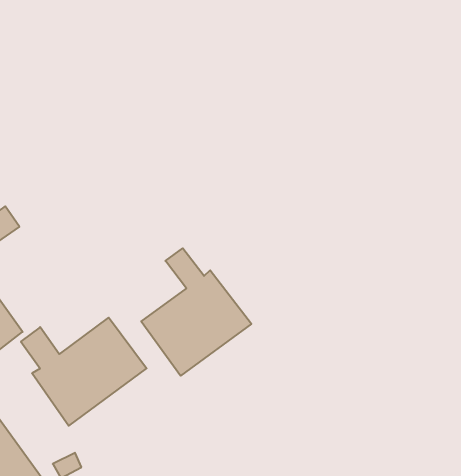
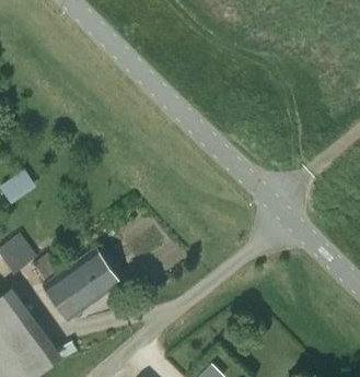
building: [141,248,251,376] -> none

